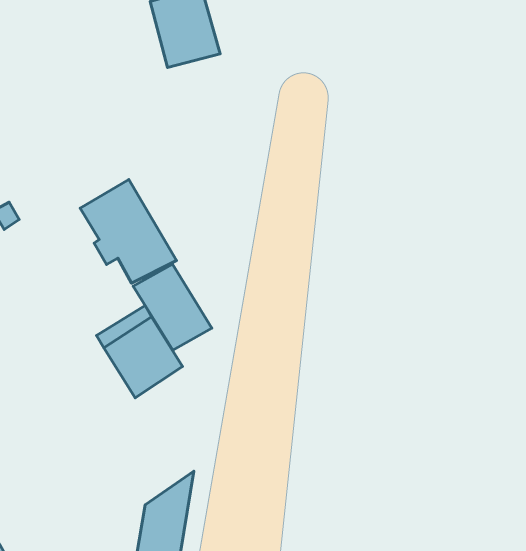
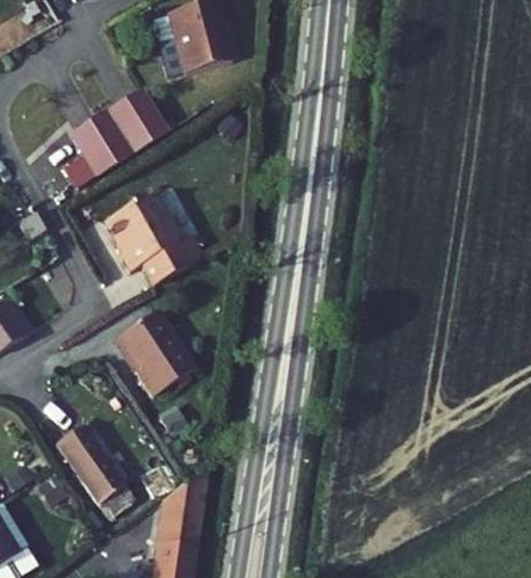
building: none -> [67,84,155,177]
building: [133,264,212,350] -> none
building: none -> [56,422,131,502]

